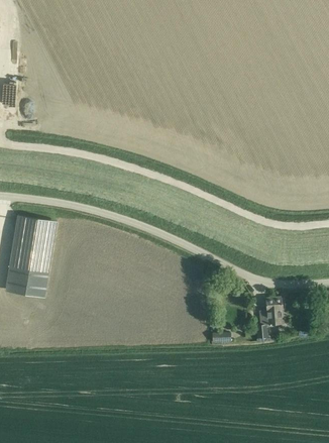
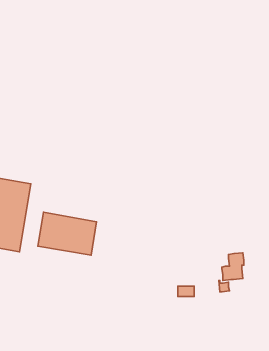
building: none -> [38,212,96,255]

